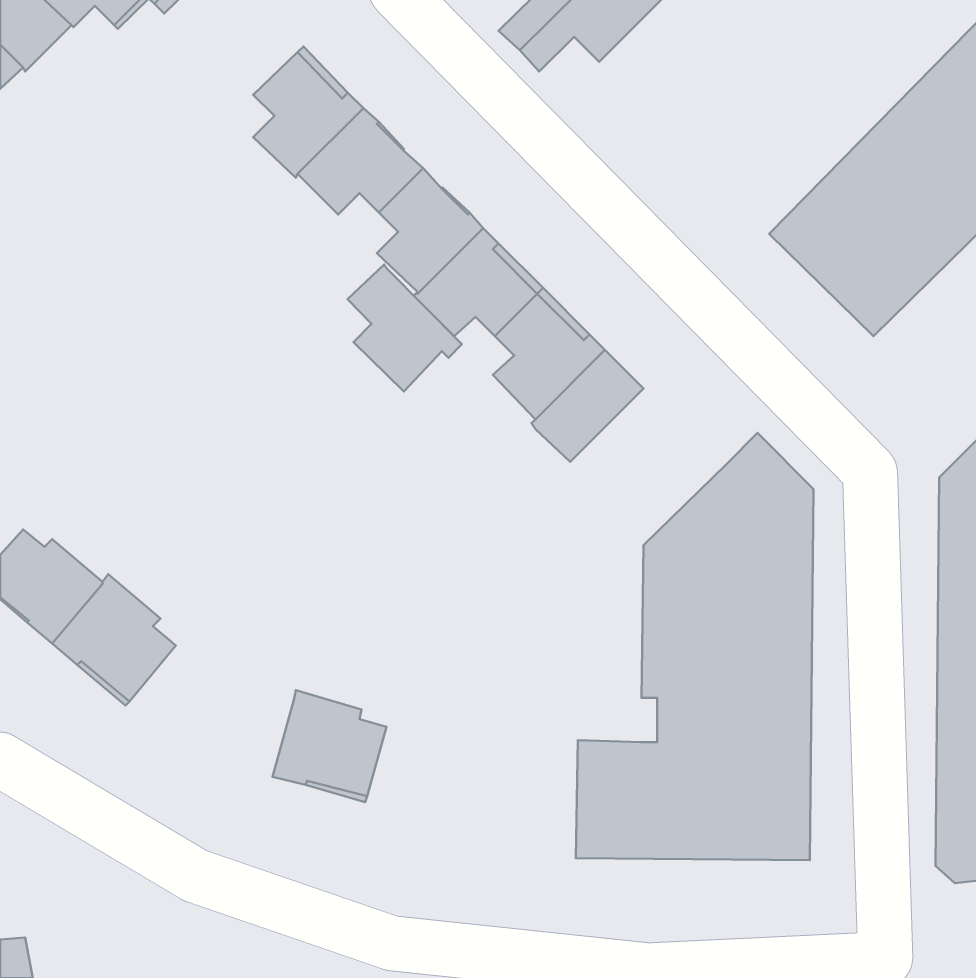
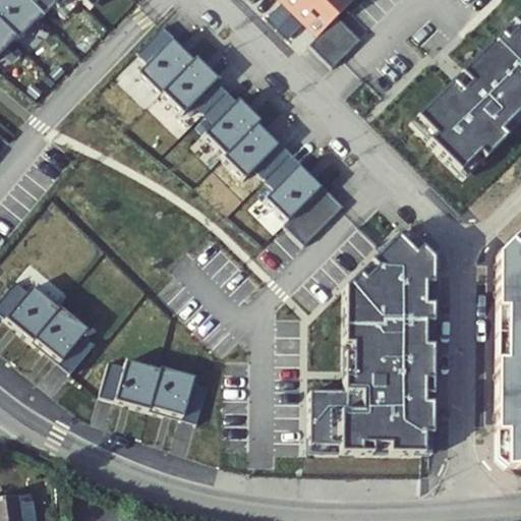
building: none -> [312,15,362,66]
building: [347,264,462,391] -> none
building: none -> [102,359,161,409]

